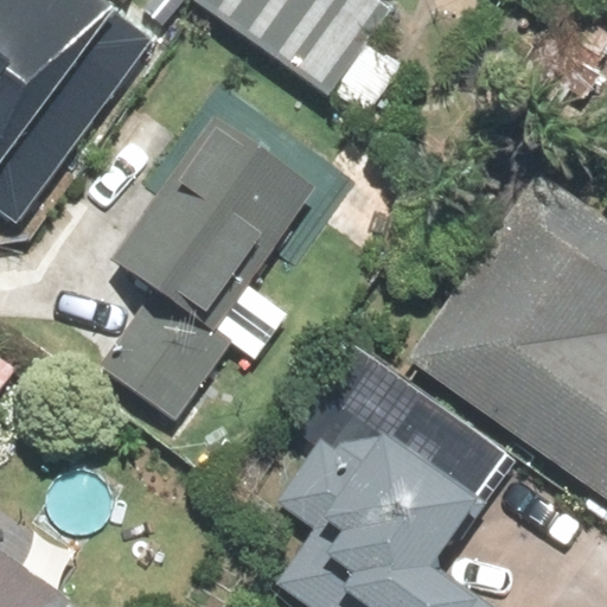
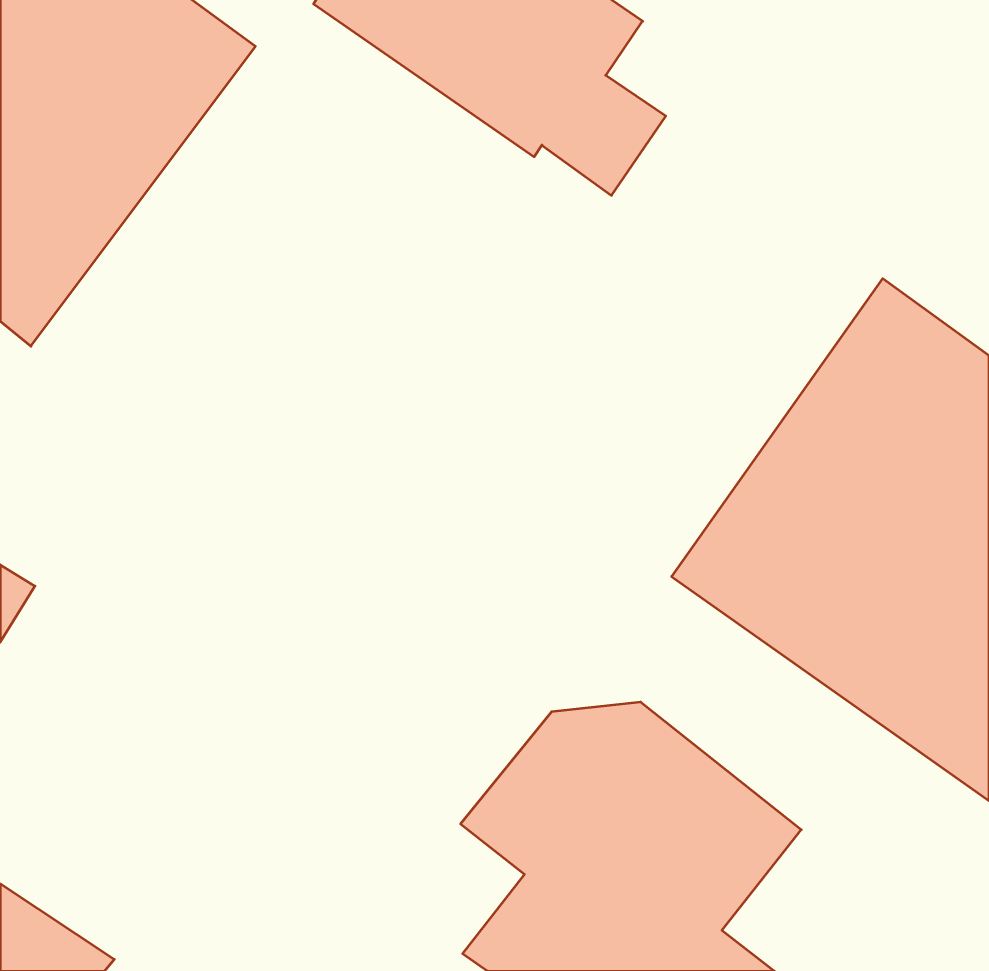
building: [94,121,305,422] -> none

